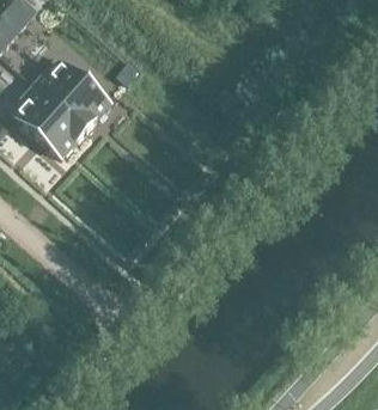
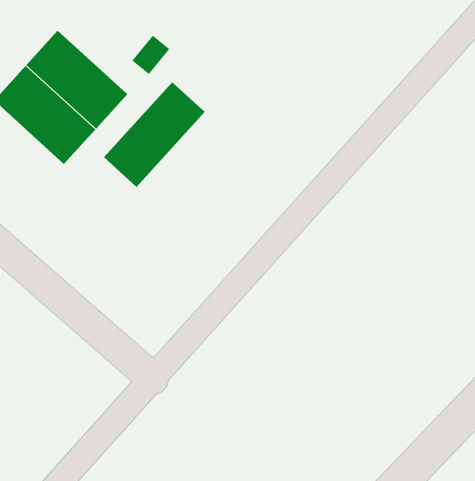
building: none -> [103,81,206,188]

